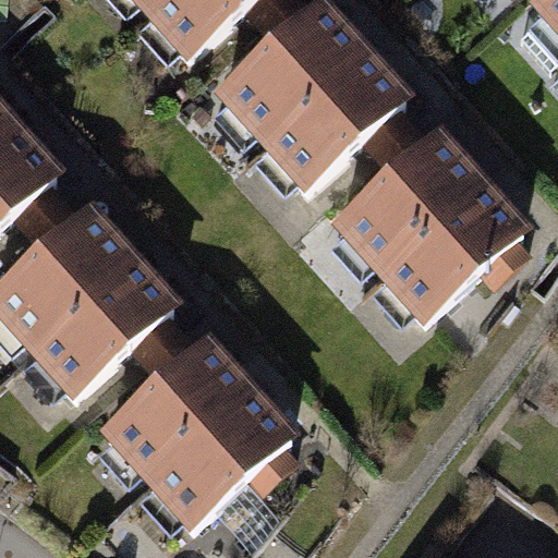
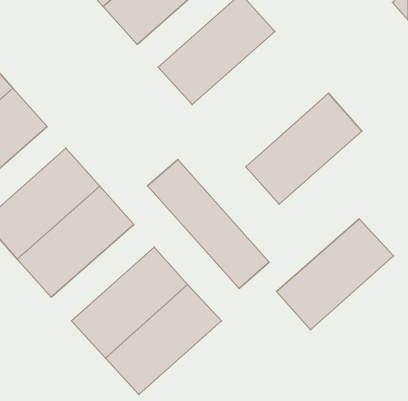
building: [258,43,414,192] -> none
building: [375,177,532,326] -> [277,219,393,330]
building: none -> [148,160,269,288]

